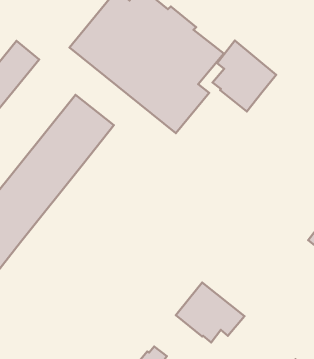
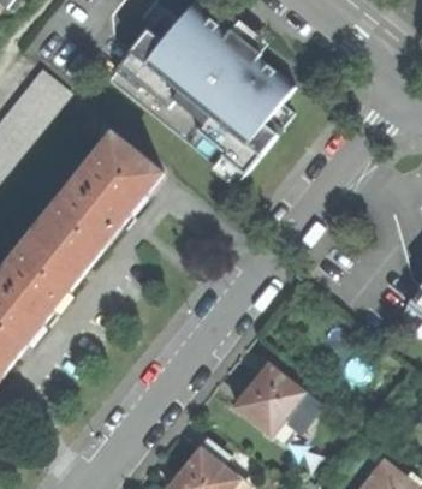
building: [213,40,276,112] -> none

